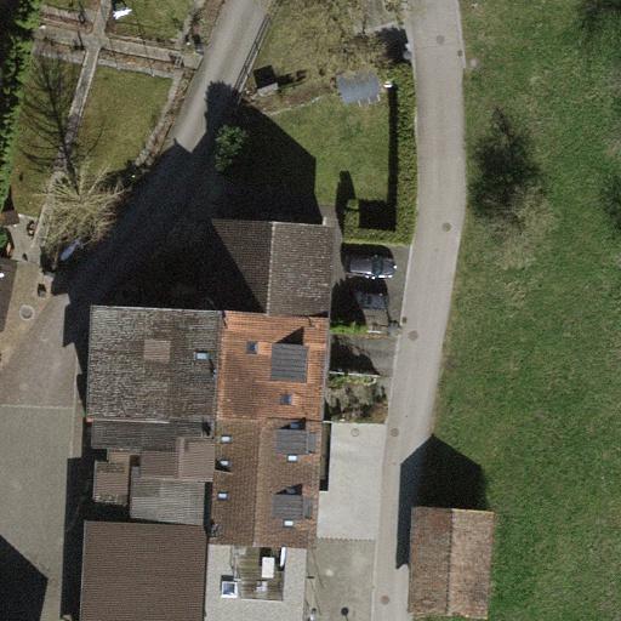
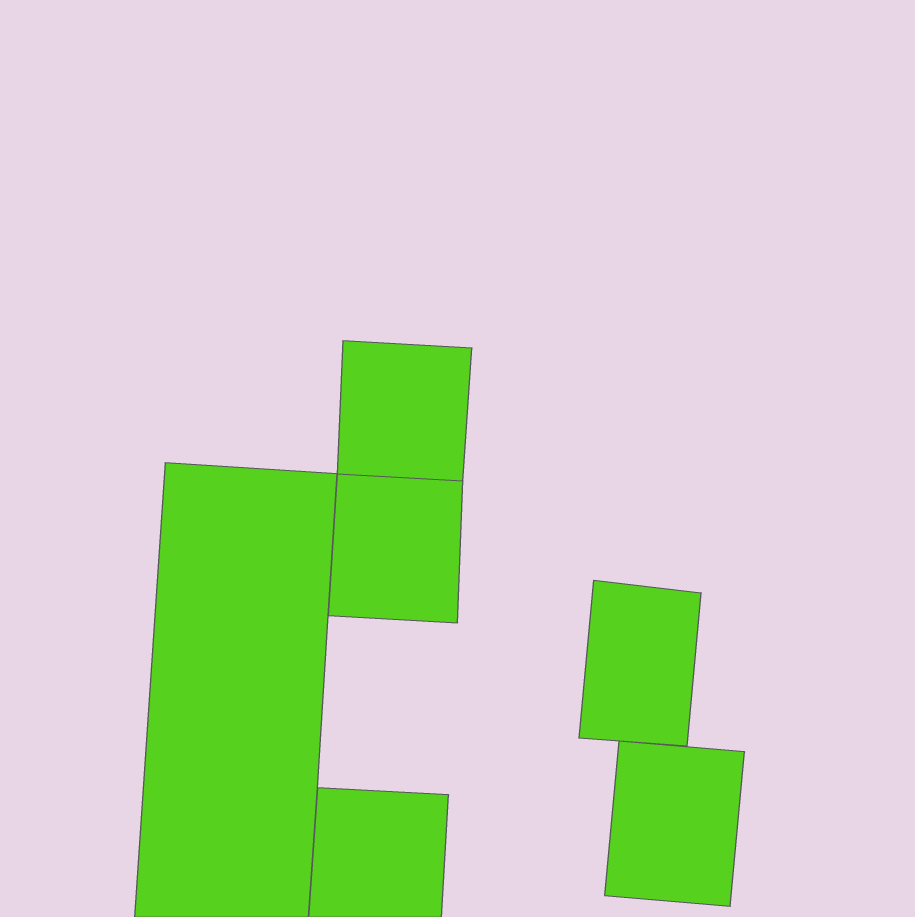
building: none -> [579,580,701,746]
building: [216,416,310,537] -> none

